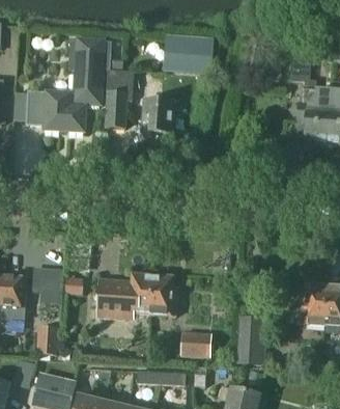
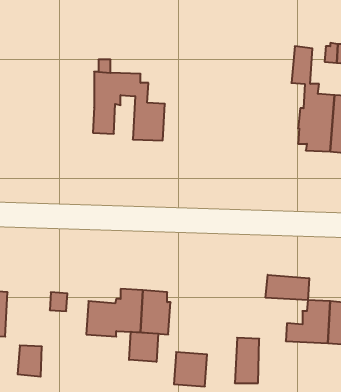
building: [163,35,211,72] -> none
building: [24,36,104,131] -> none
building: none -> [266,275,309,300]
building: [31,266,61,302] -> none
building: none -> [129,332,158,362]

